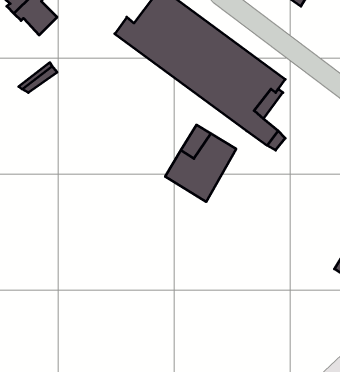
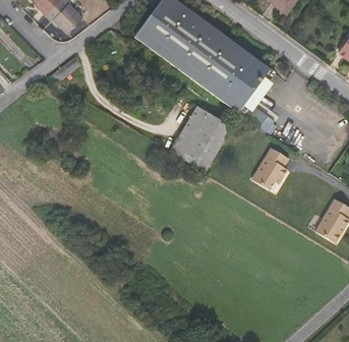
building: none -> [253,149,290,190]

